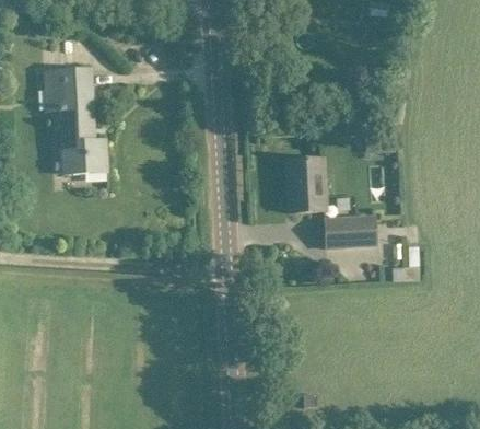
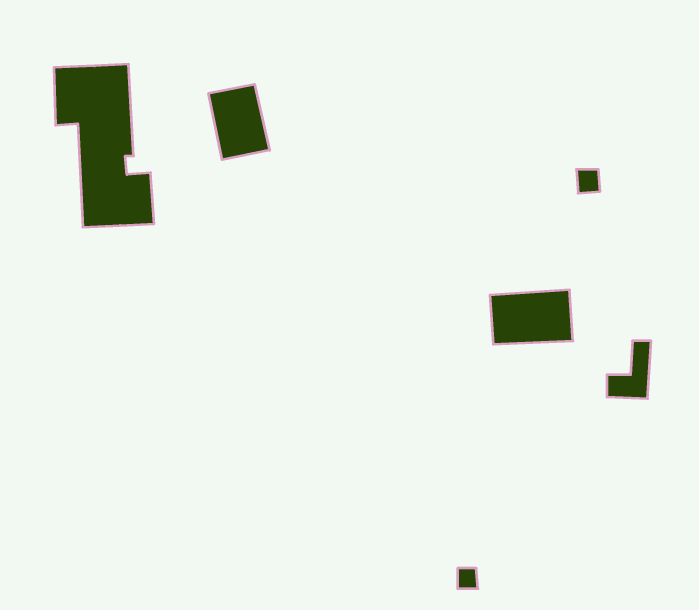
building: none -> [209,84,270,160]
building: [286,156,325,210] -> none

